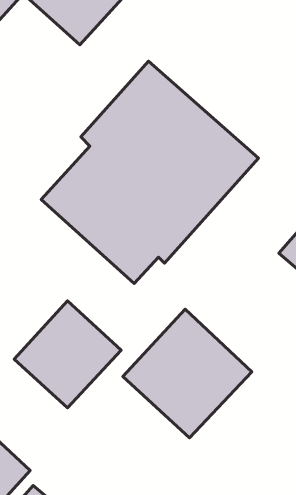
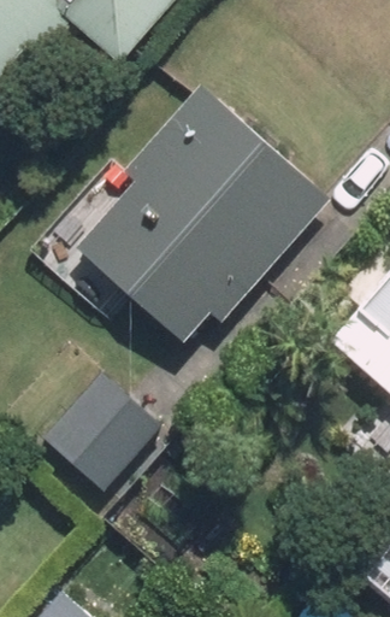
building: [123,309,252,438] -> none

